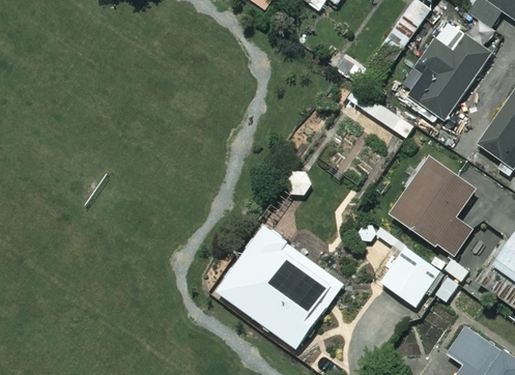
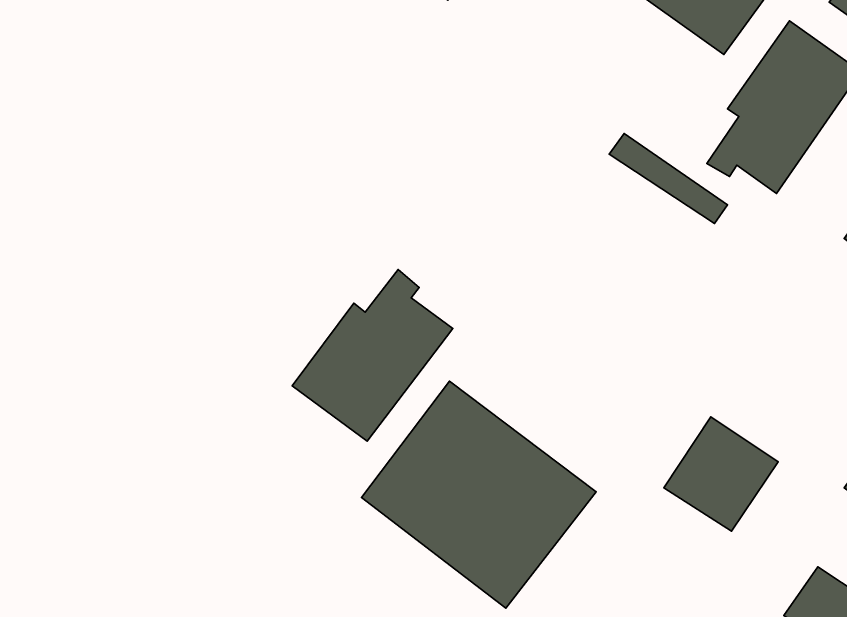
building: [391,160,471,253] -> none
building: none -> [292,269,453,441]

